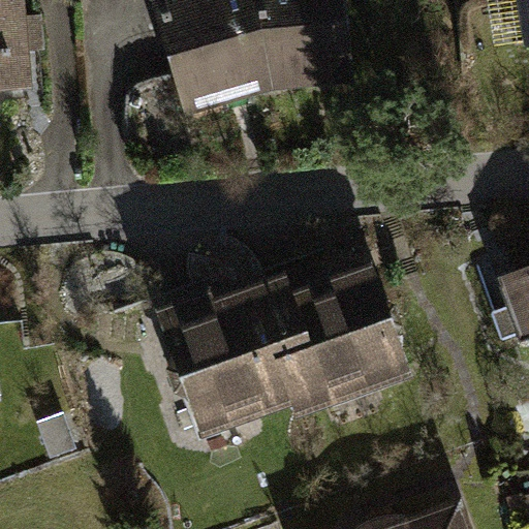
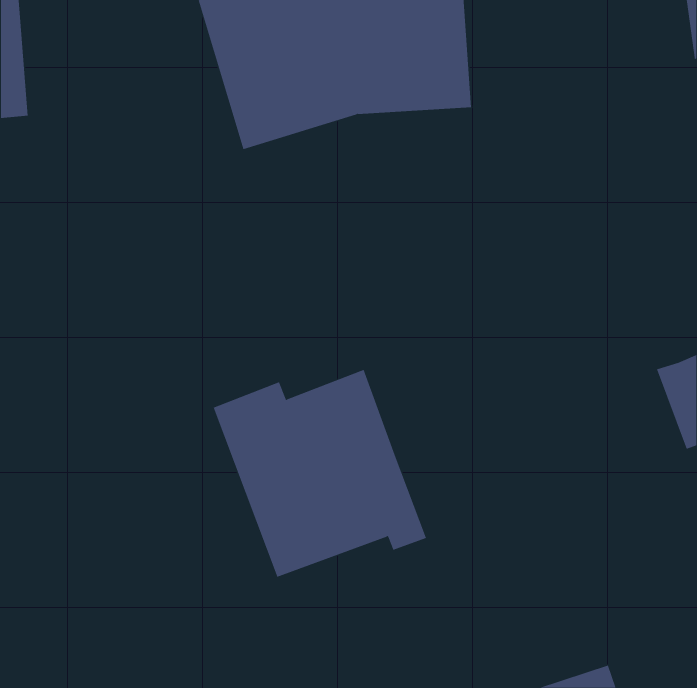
building: [276,257,414,408] -> none

